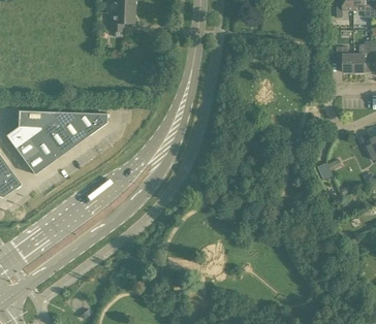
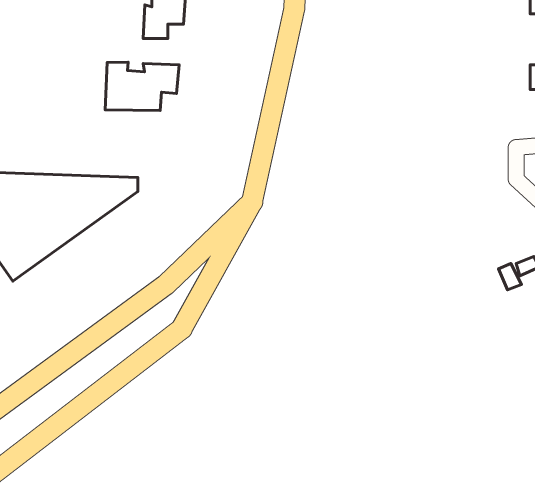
building: none -> [105,62,179,111]

